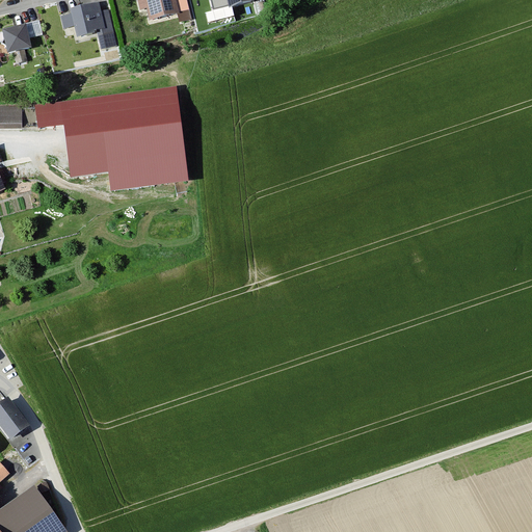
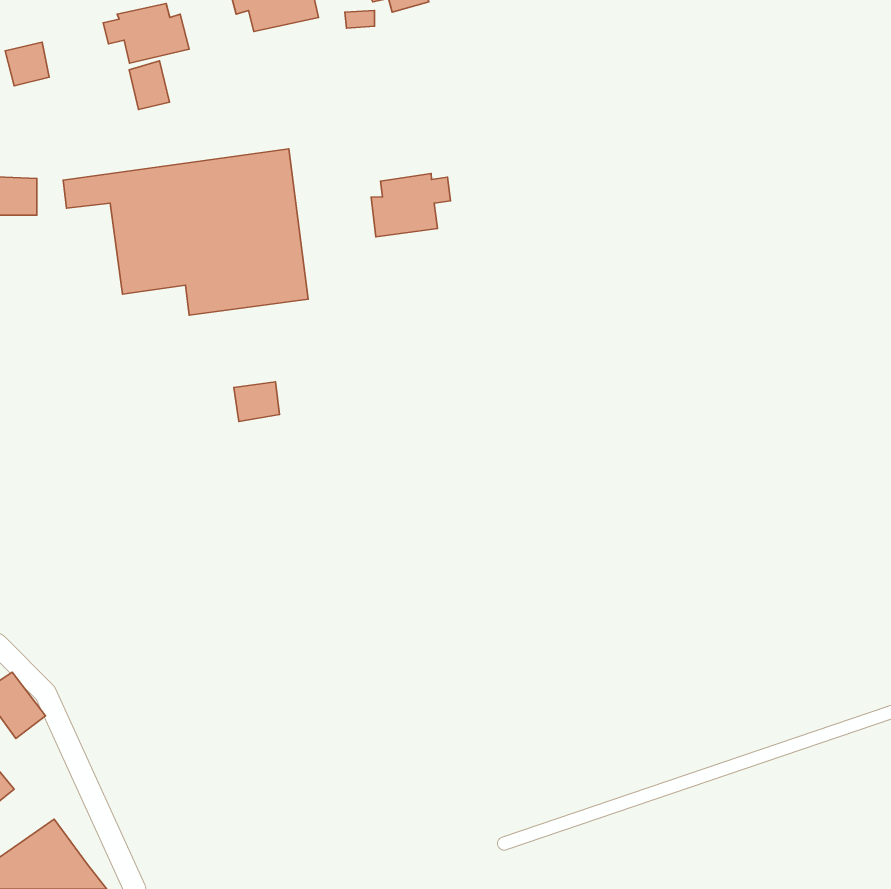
building: none -> [129,61,170,110]
building: none -> [371,173,450,237]
building: none -> [234,382,280,421]

